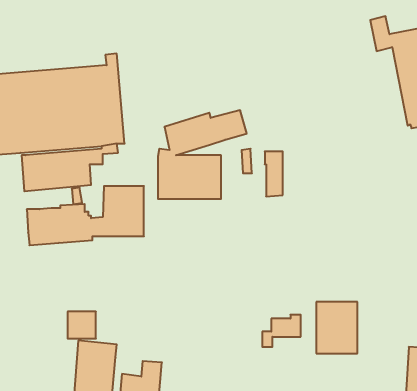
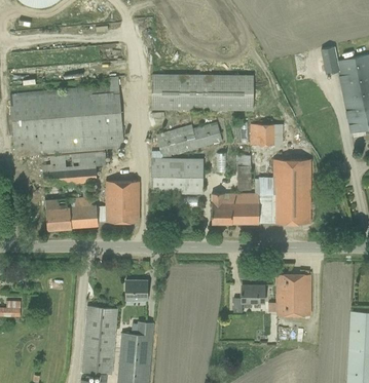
building: none -> [151,74,253,110]
building: none -> [249,124,273,146]
building: none -> [211,159,310,224]
building: [68,312,96,339] -> [124,279,147,301]

